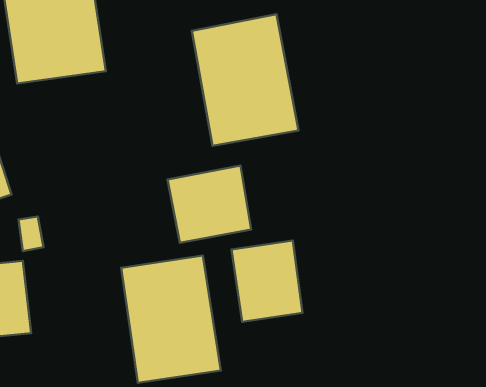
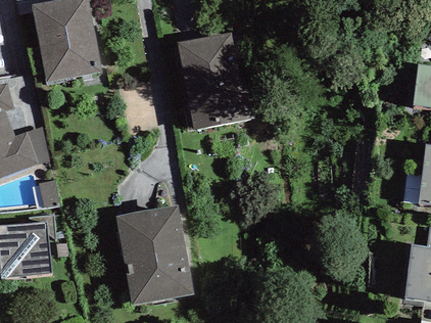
building: [168,166,251,243] -> none
building: [231,240,303,322] -> none

